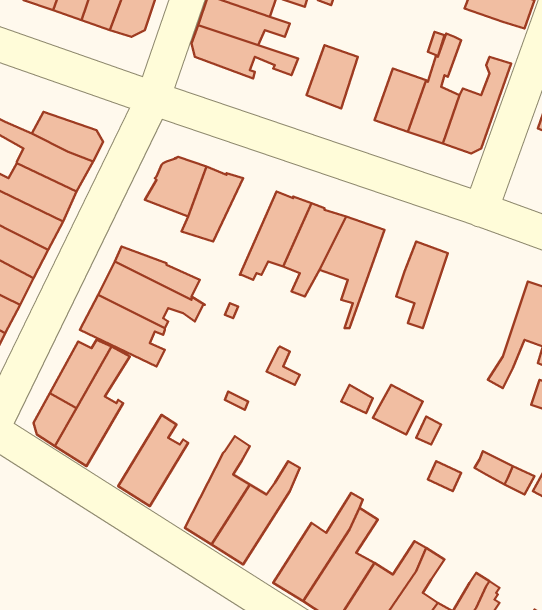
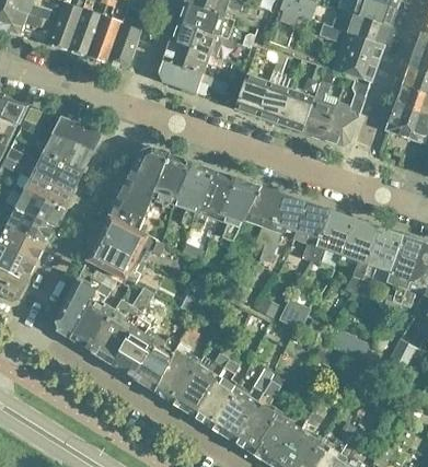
building: none -> [332,50,378,83]
building: none -> [257,82,291,124]
building: none -> [173,162,215,225]
building: none -> [113,176,157,218]
building: none -> [263,196,306,264]
building: none -> [311,211,351,264]
building: none -> [344,221,380,295]
building: none -> [90,287,153,364]
building: none -> [131,325,180,392]
building: none -> [193,352,240,428]

